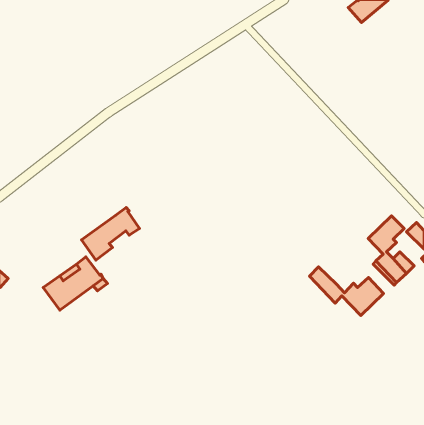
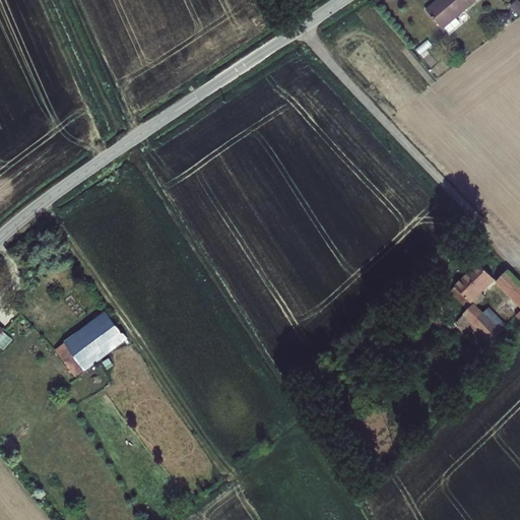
building: [81,208,139,260] -> none
building: [309,267,384,315] -> none

